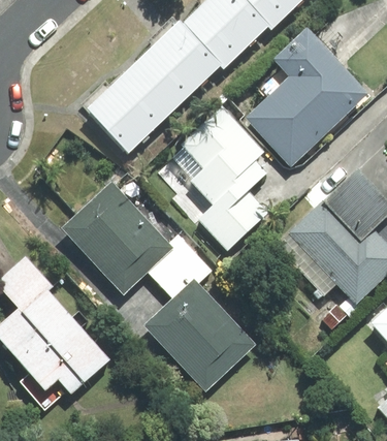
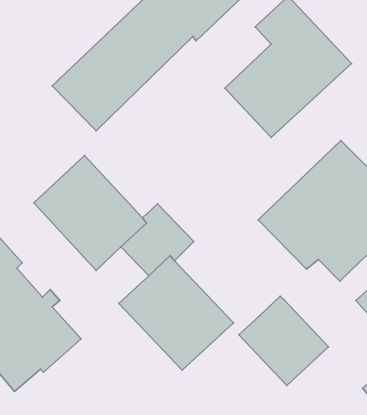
building: [173,108,266,249] -> none
building: none -> [239,296,328,385]

